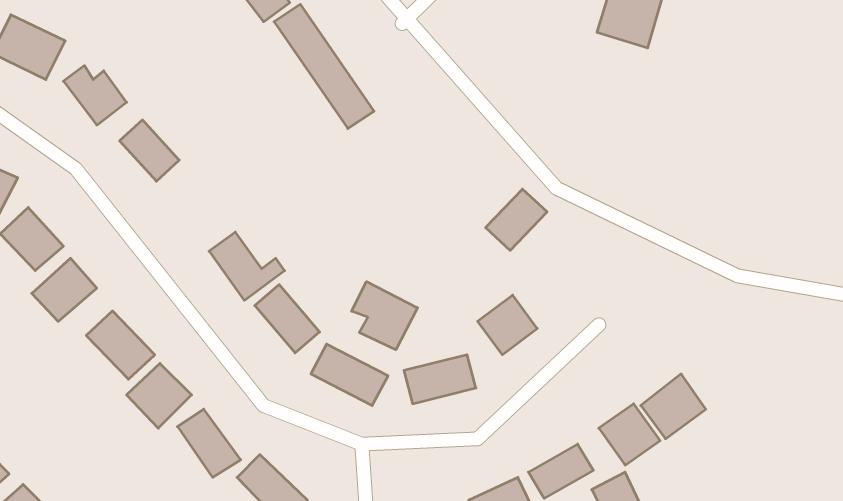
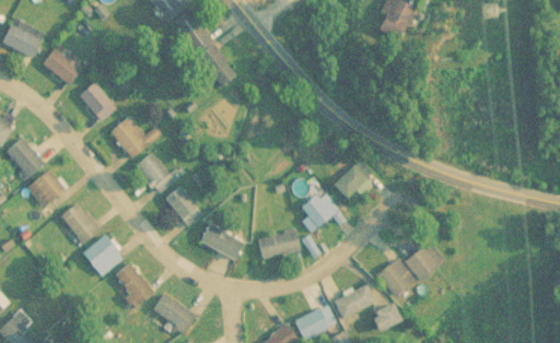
building: none -> [109,118,161,159]
building: [486,189,547,250] -> [336,161,374,199]
building: [352,282,418,350] -> none

